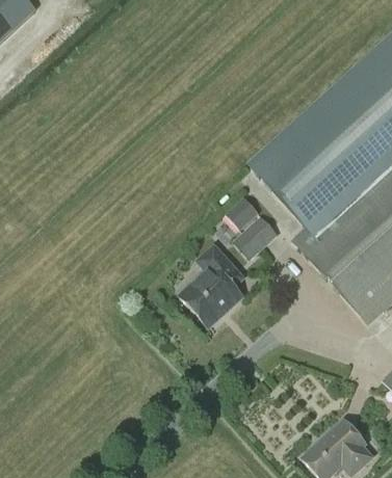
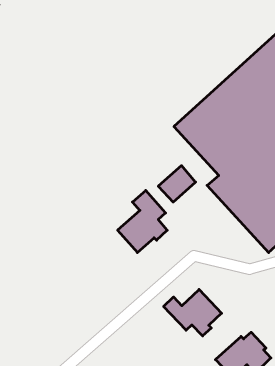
building: [223,195,257,230] -> none
building: none -> [164,289,222,336]

